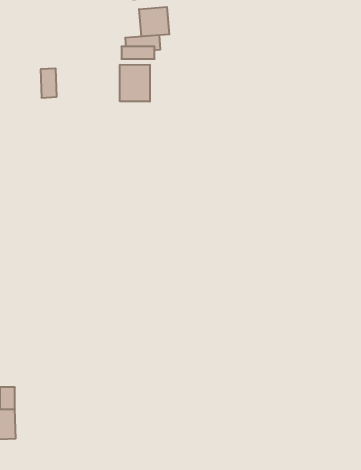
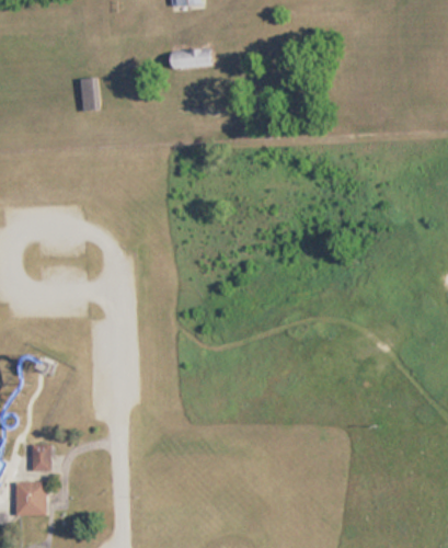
building: [139,7,169,37] -> none
building: [120,65,150,102] -> none

